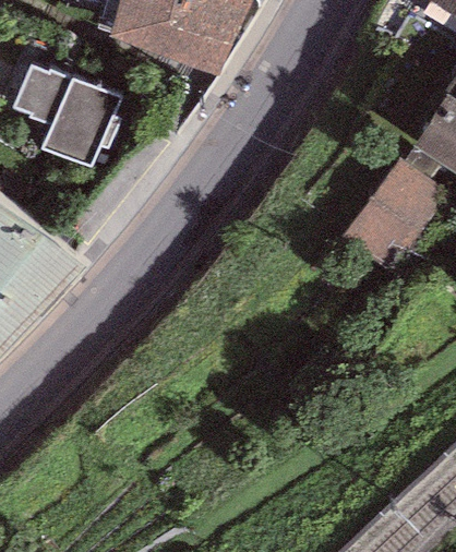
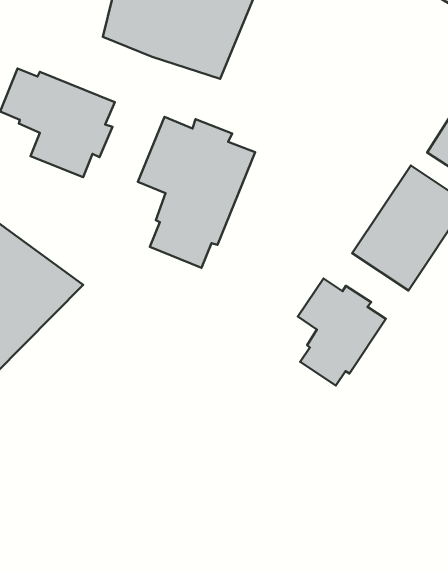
building: none -> [138,117,255,268]
building: none -> [298,278,386,386]

